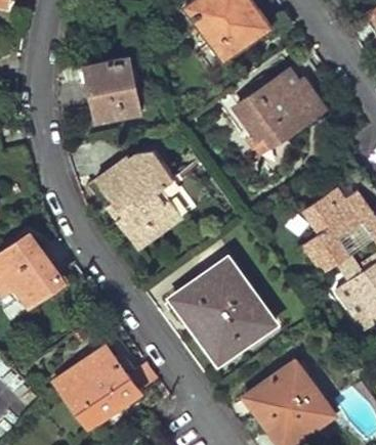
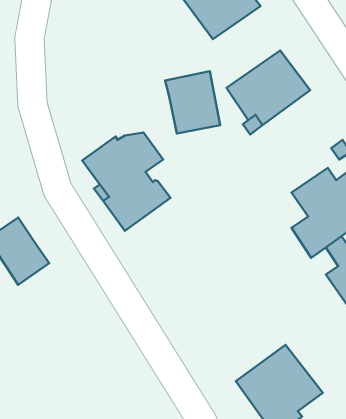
building: [85,59,139,121] -> [165,71,220,133]
building: [180,262,267,363] -> none
building: [66,347,156,421] -> none

